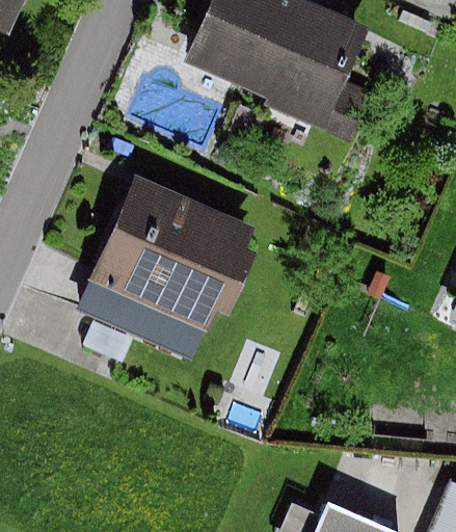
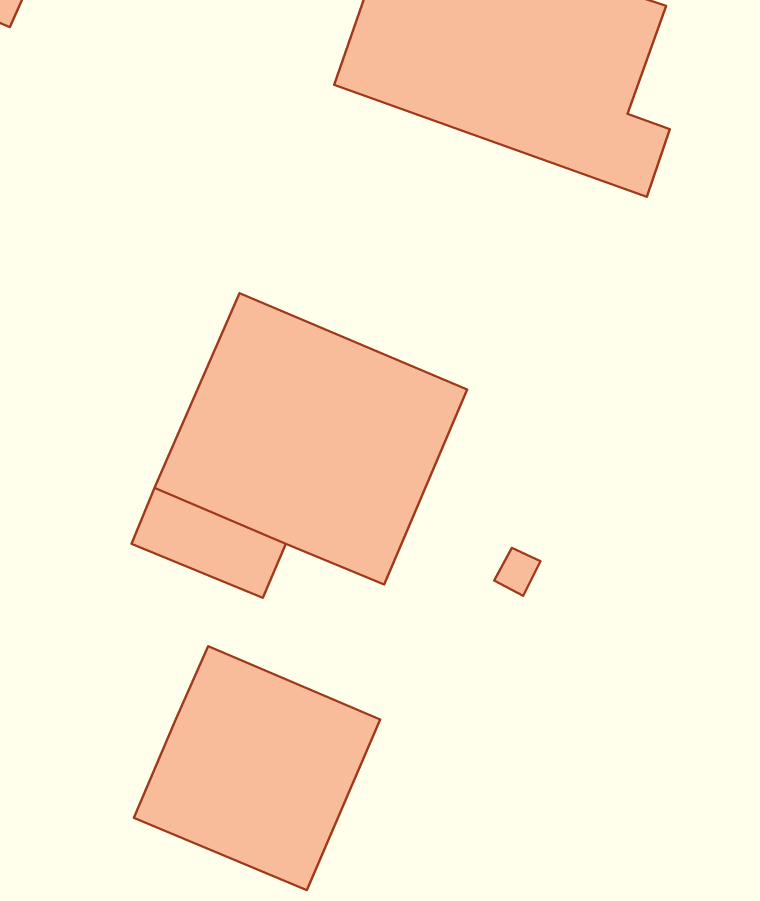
building: none -> [134,646,380,890]

